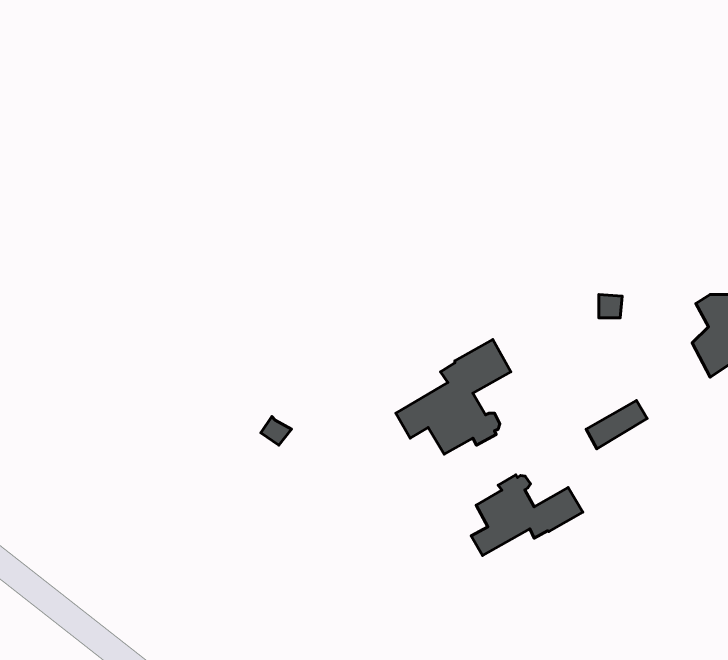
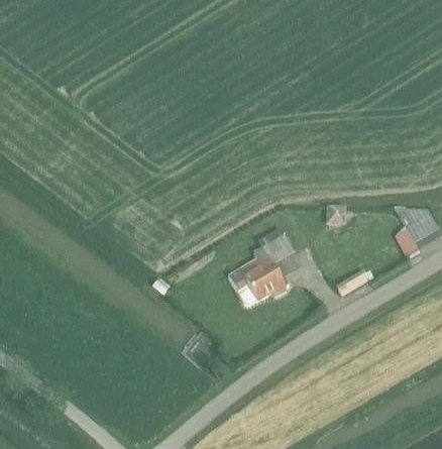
building: [471,475,583,555] -> none

